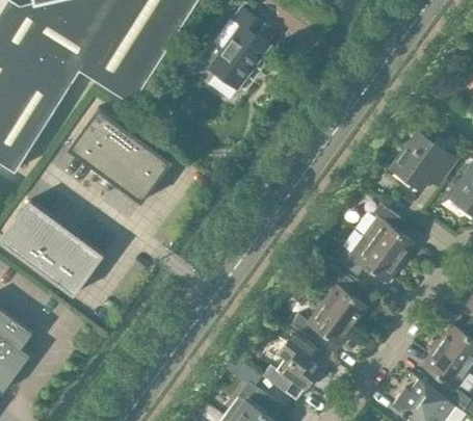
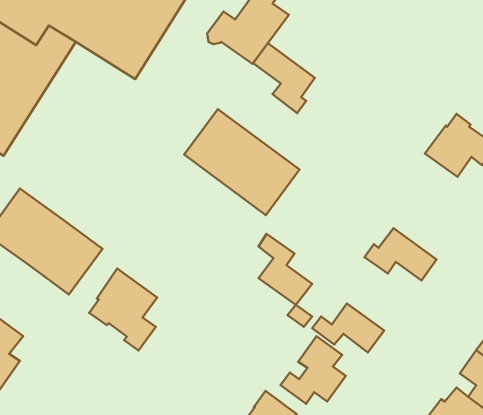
building: none -> [253,43,315,113]
building: [68,108,170,203] -> [184,109,299,215]
building: [363,204,416,264] -> none
building: [321,264,369,327] -> [258,234,312,305]
building: none -> [89,269,157,350]

